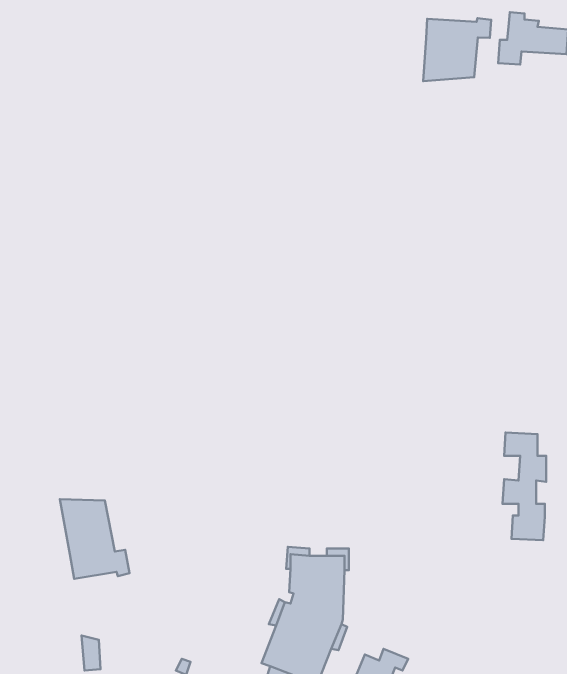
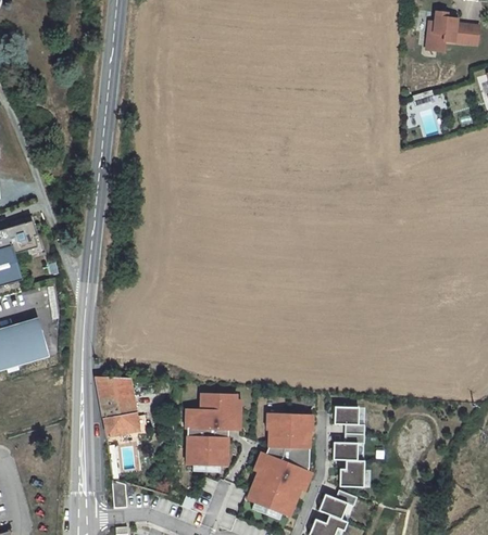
building: [423,18,491,81] -> none
building: [503,433,546,540] -> [331,406,364,486]
building: none -> [186,393,236,466]

